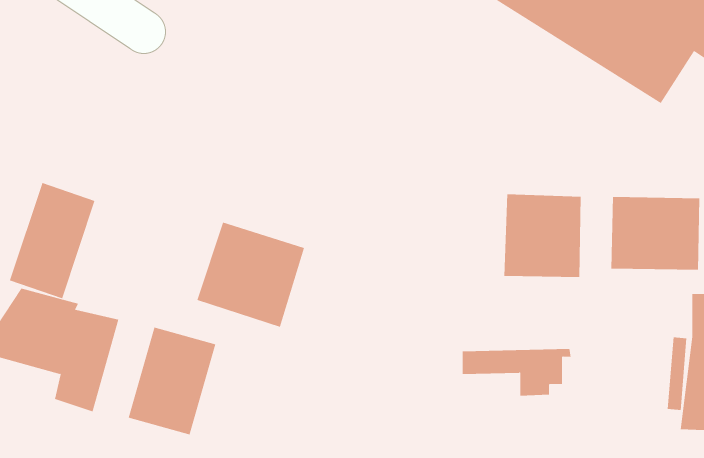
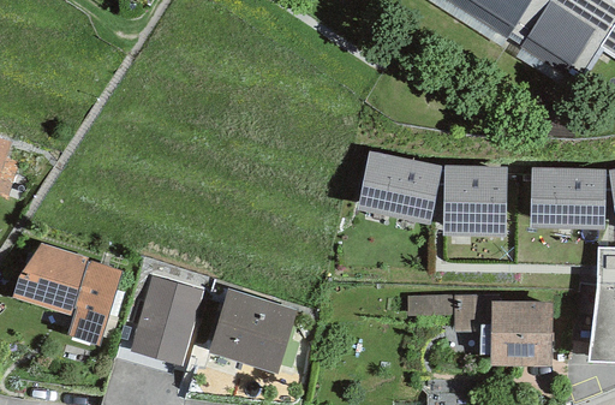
building: none -> [357,149,442,224]
building: [9,182,95,299] -> none
building: [197,222,305,328] -> [208,287,298,375]
building: none -> [480,299,553,364]

